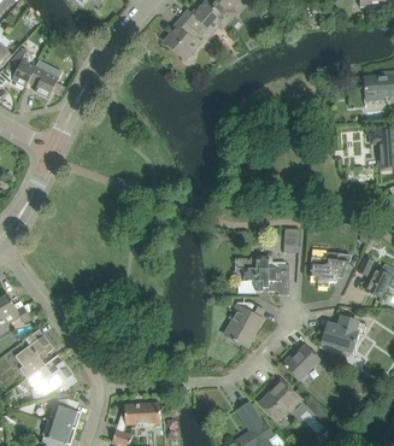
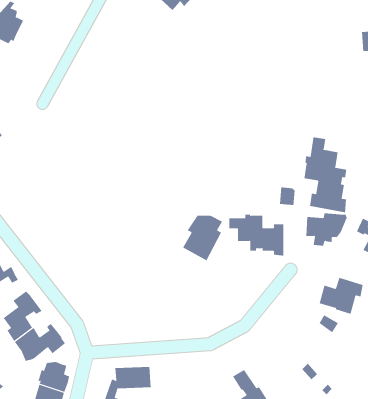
building: [28,64,61,98] -> none
building: none -> [304,136,347,213]
building: [223,303,263,347] -> [182,215,223,261]
building: [281,345,318,380] -> none
building: [258,378,300,419] -> none

